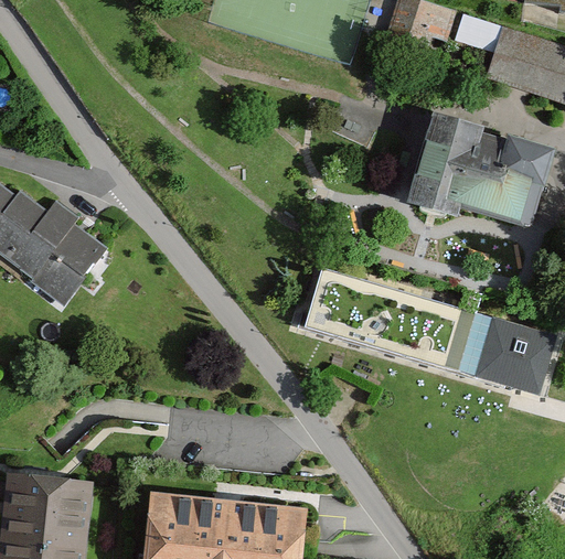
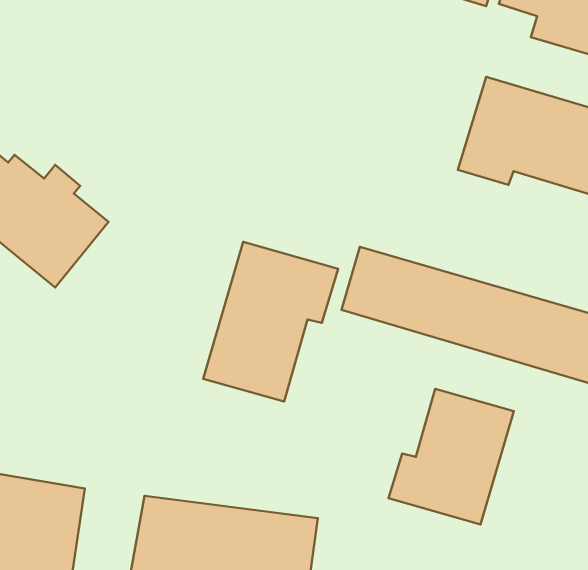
building: none -> [203,242,338,402]
building: none -> [389,389,514,524]

